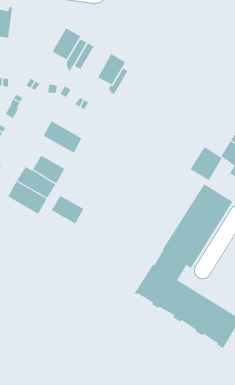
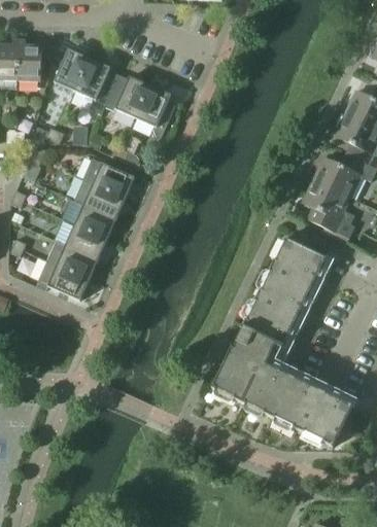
building: none -> [19,39,42,79]
building: none -> [55,48,90,91]
building: none -> [115,75,150,117]
building: none -> [83,157,135,197]
building: [190,146,222,181] -> none
building: [51,191,84,224] -> [74,199,117,238]

